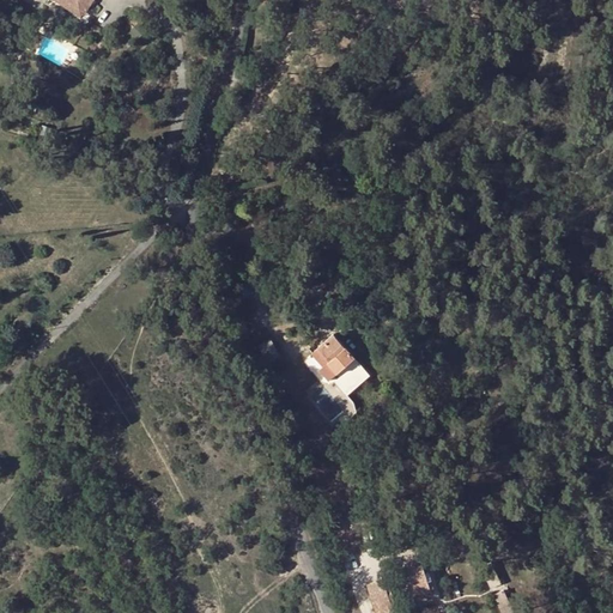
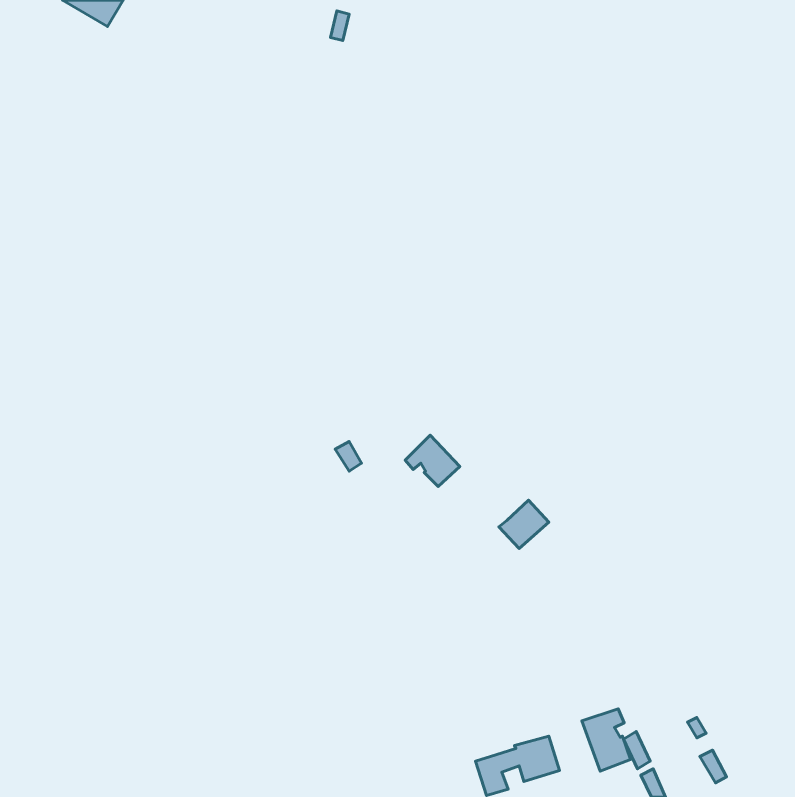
building: [330,358,369,395] -> [499,500,549,549]
building: none -> [582,709,630,771]

